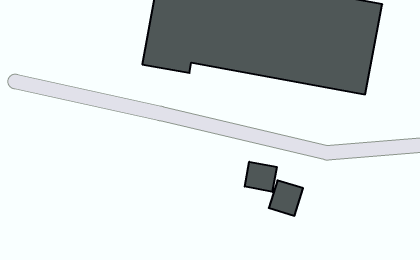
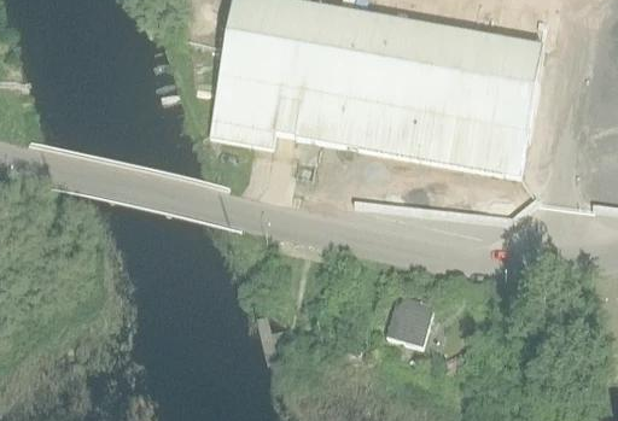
building: [245,162,277,192] -> none

